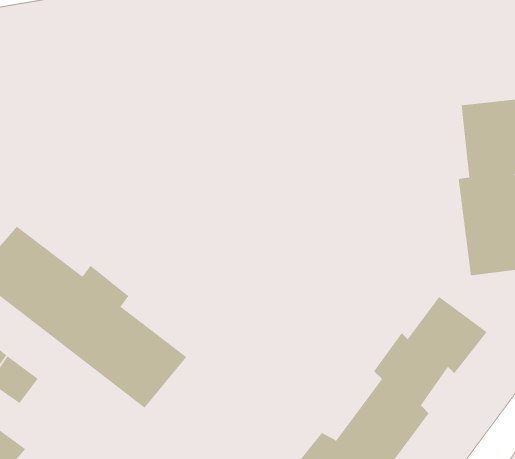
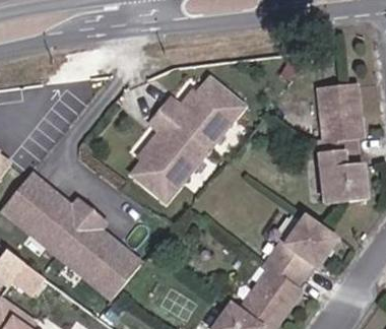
building: none -> [131,81,241,200]

